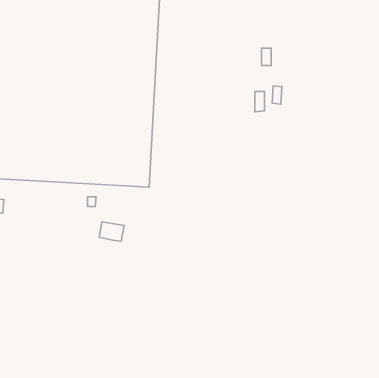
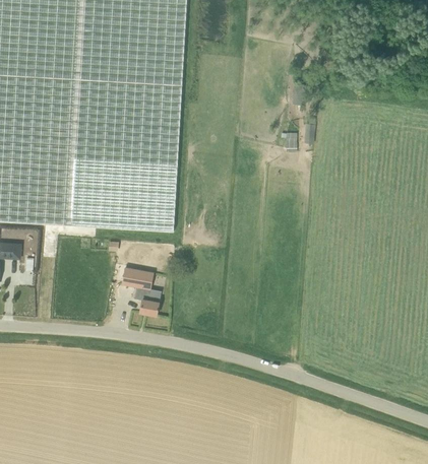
building: none -> [133,285,160,314]

